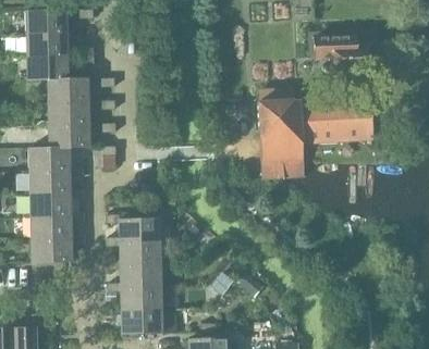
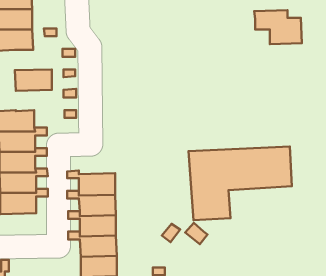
building: [47,78,88,102] -> none
building: [257,96,372,178] -> [189,146,292,220]
building: [48,124,89,148] -> none

